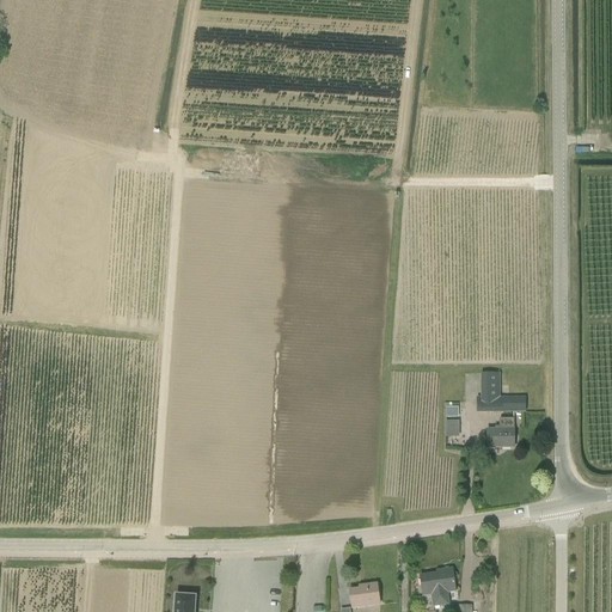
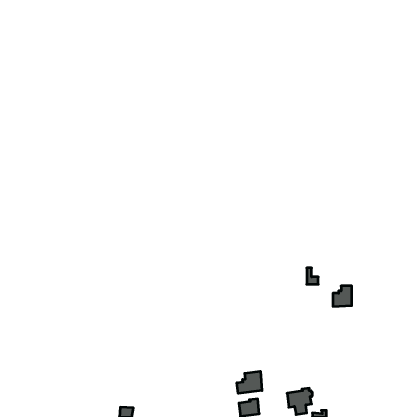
building: [477,372,525,411] -> none
building: none -> [237,371,262,393]

